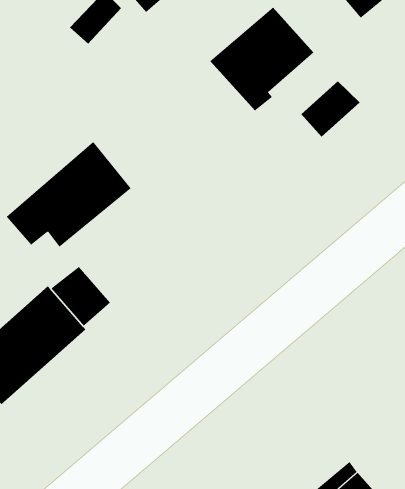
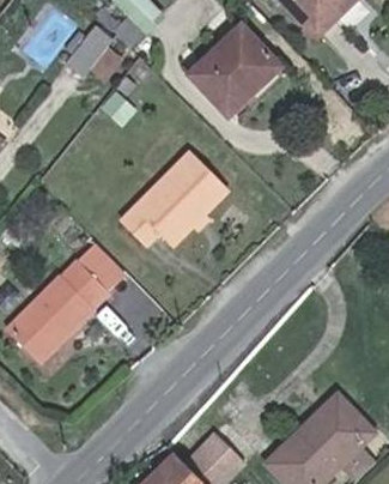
building: [300,80,360,138] -> none
building: [6,141,132,247] -> [123,155,227,246]

